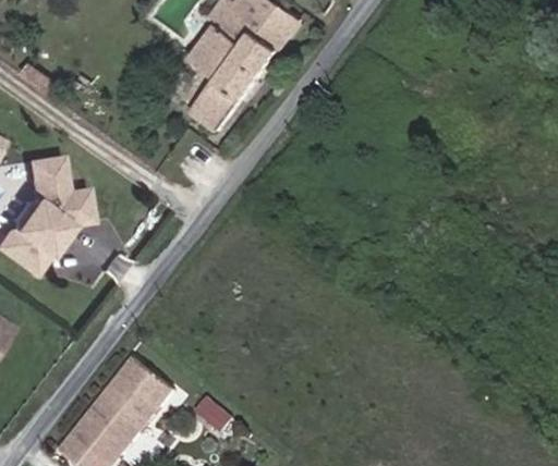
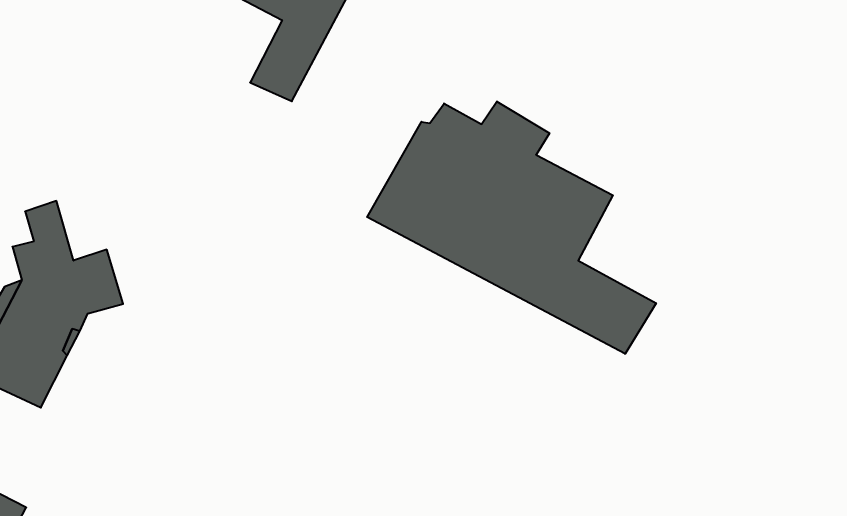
building: none -> [367,101,656,354]

